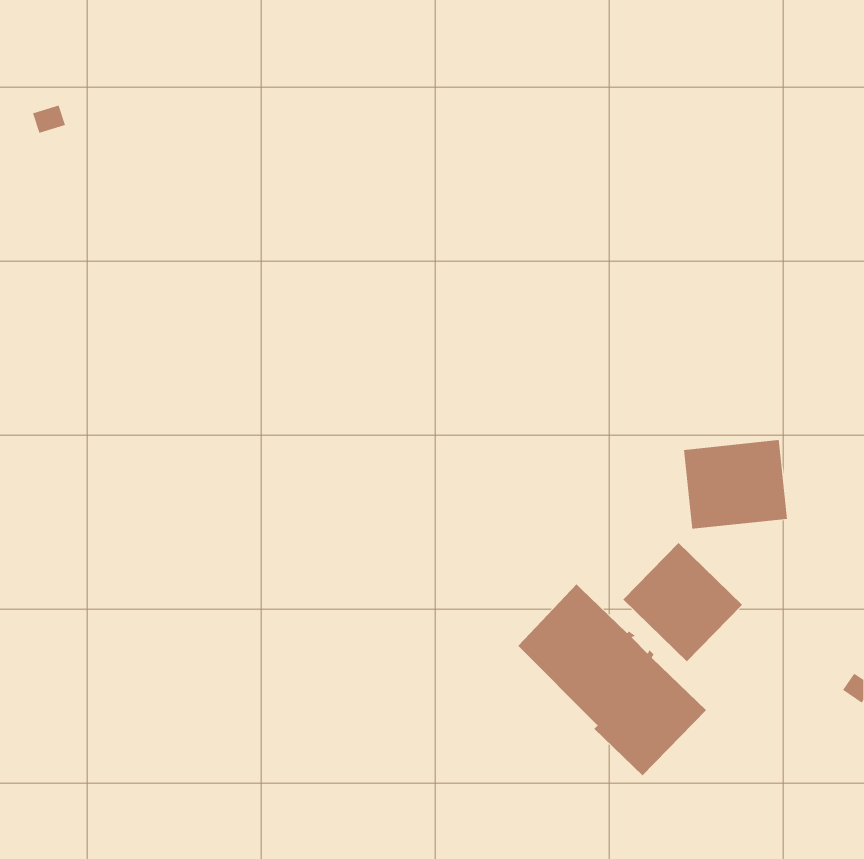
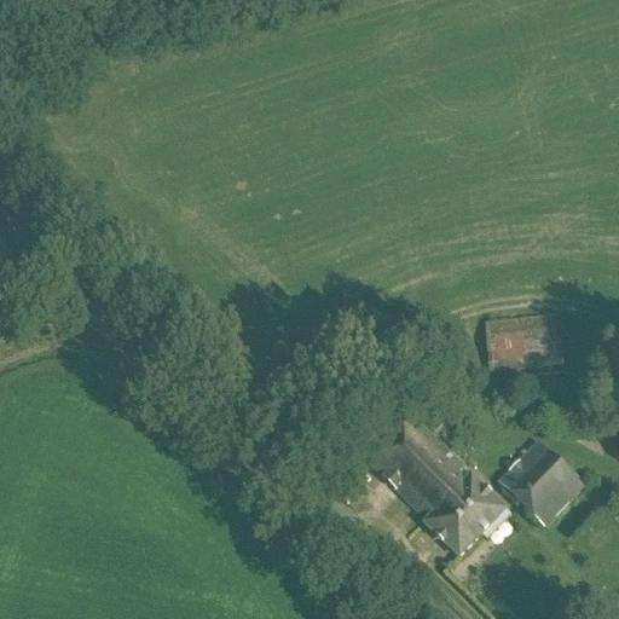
building: [623,542,743,662] -> [498,440,584,526]

